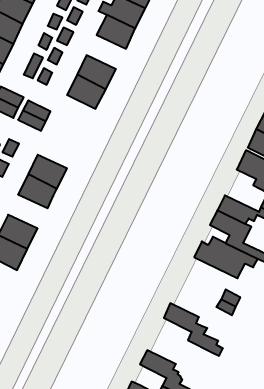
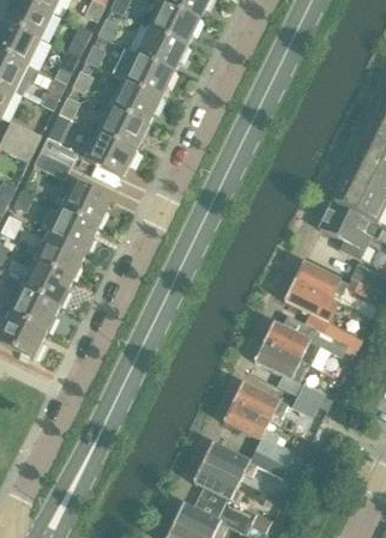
building: none -> [110,47,175,98]
building: none -> [85,132,135,176]
building: none -> [60,180,111,228]
building: none -> [22,261,73,306]
building: none -> [254,343,308,383]
building: none -> [233,383,288,421]
building: none -> [203,443,288,482]

